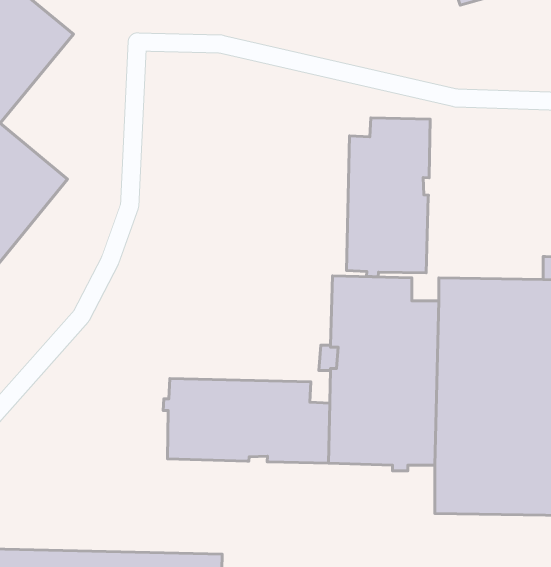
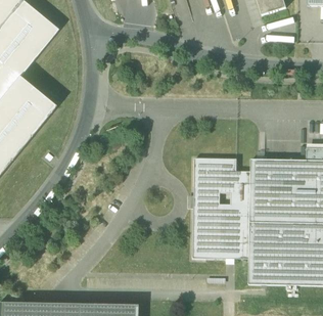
building: [346,118,430,277] -> none
building: [163,378,330,463] -> none

